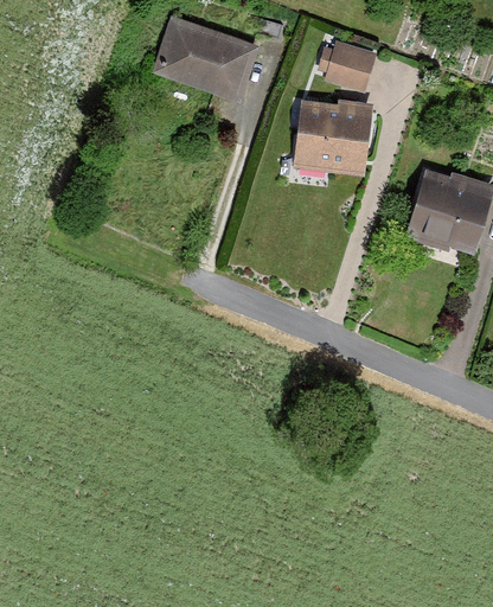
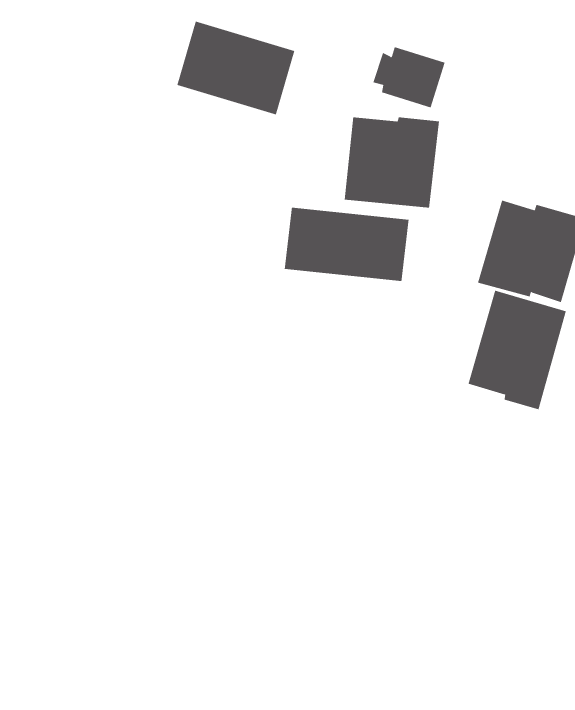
building: none -> [284,207,409,282]
building: none -> [468,290,566,410]

